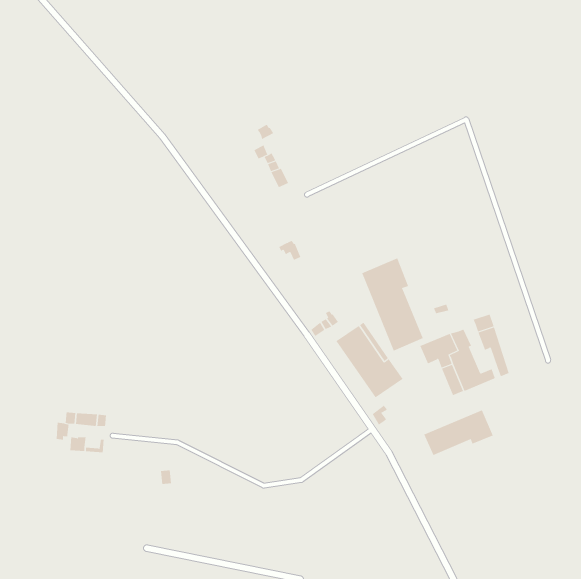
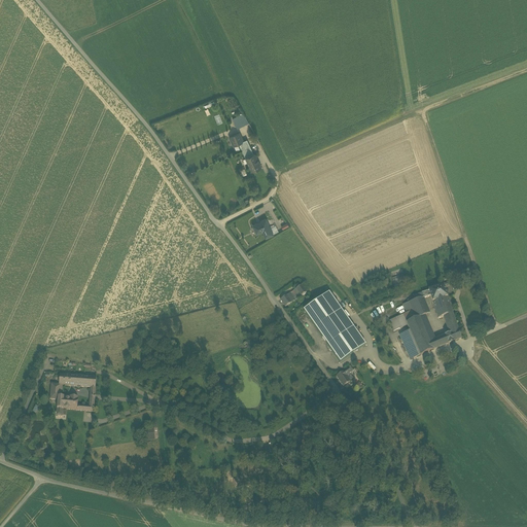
building: [362,258,423,351] -> none
building: [423,410,493,456] -> none

